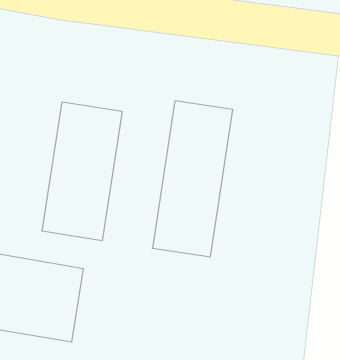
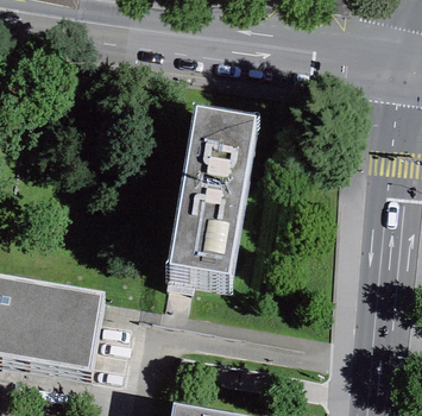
building: [42,102,122,241] -> none

